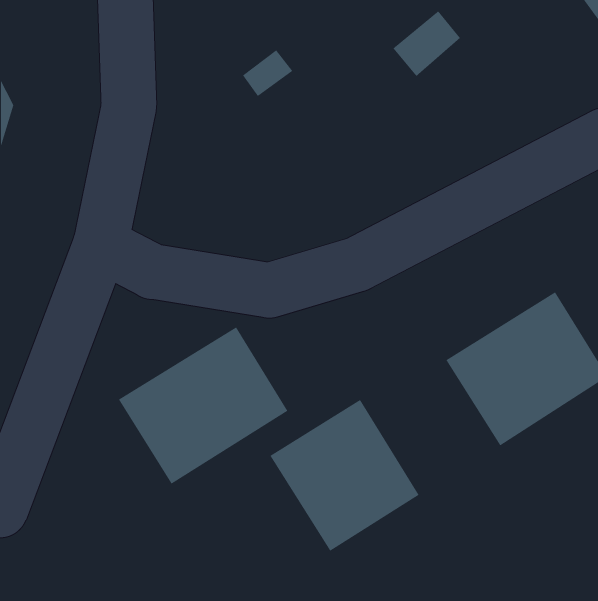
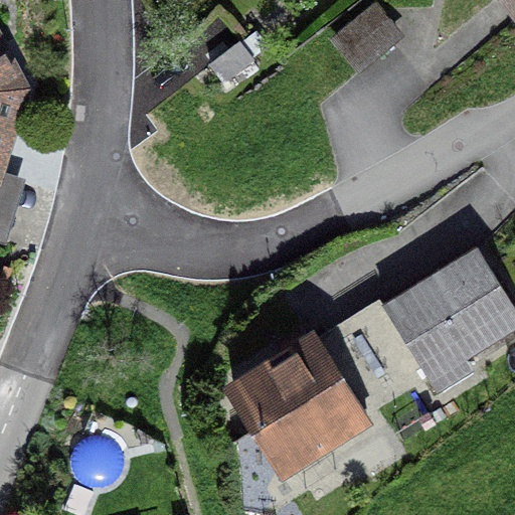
building: [118,326,288,485] -> none

